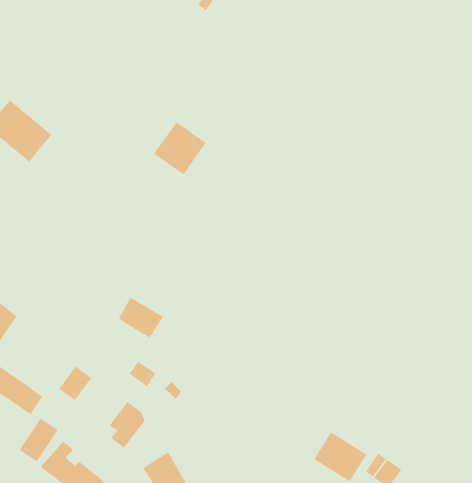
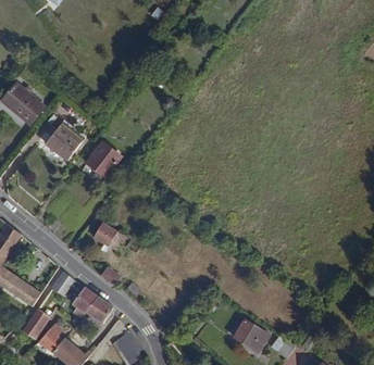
building: [153,121,207,175] -> [85,140,123,178]
building: none -> [45,122,83,161]
building: none -> [70,285,99,318]

